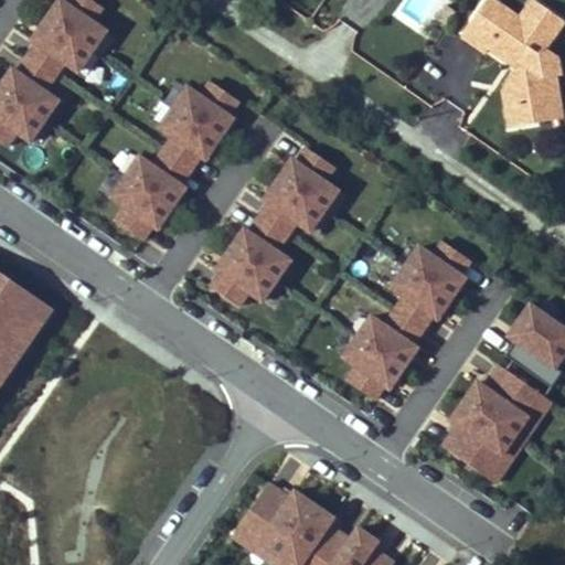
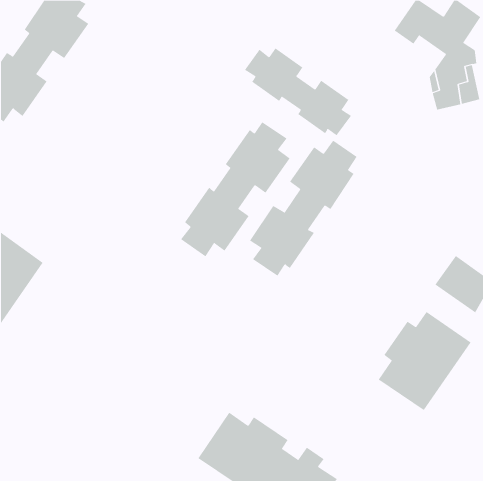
building: none -> [244,47,352,136]
building: [109,79,236,238] -> none
building: [343,239,469,398] -> [249,140,357,276]

